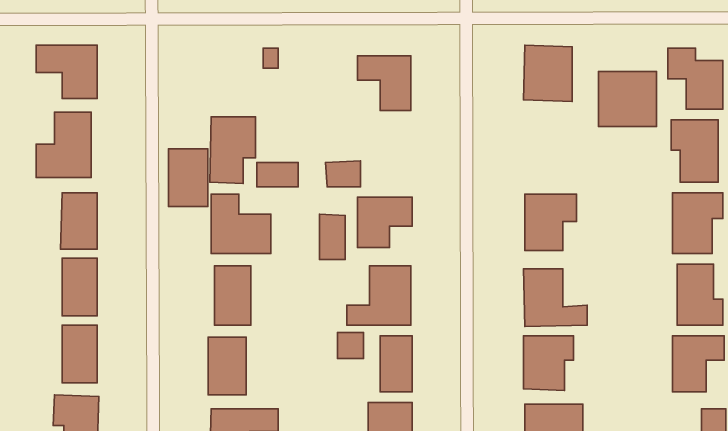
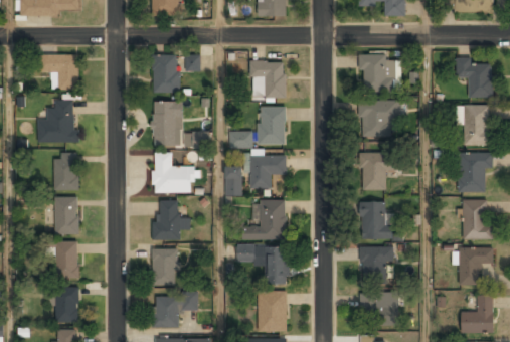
building: [599,72,656,126] -> [359,101,397,137]
building: none -> [259,107,286,144]
building: [168,149,208,206] -> [153,54,179,93]

